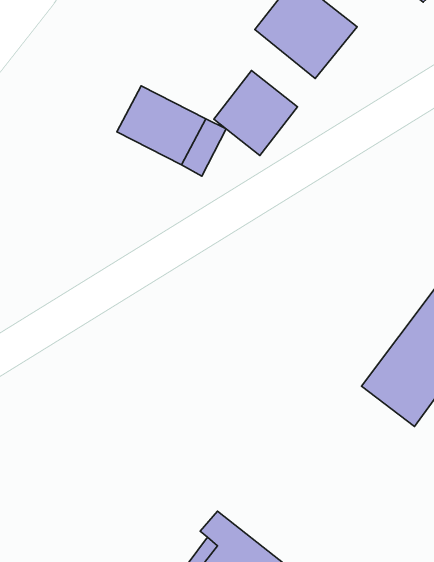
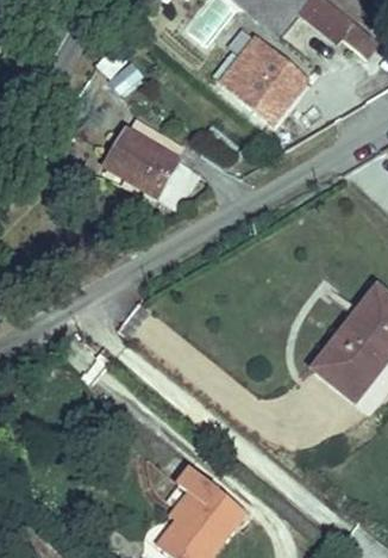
building: [214,71,298,156] -> none

